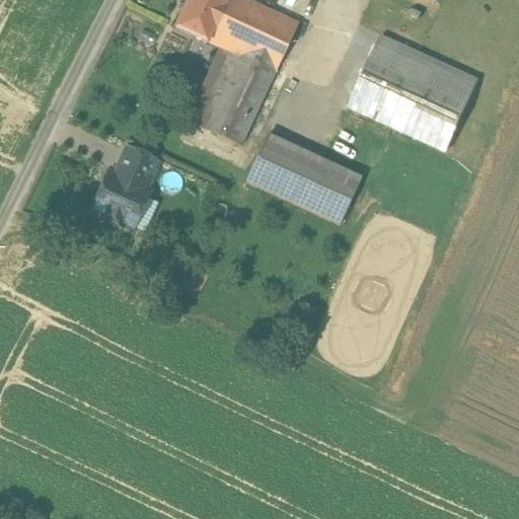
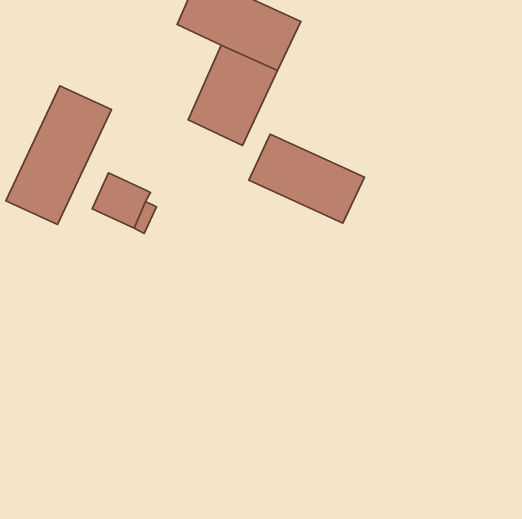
building: [350,34,478,148] -> none
building: none -> [6,86,111,224]
building: [114,145,159,189] -> none

